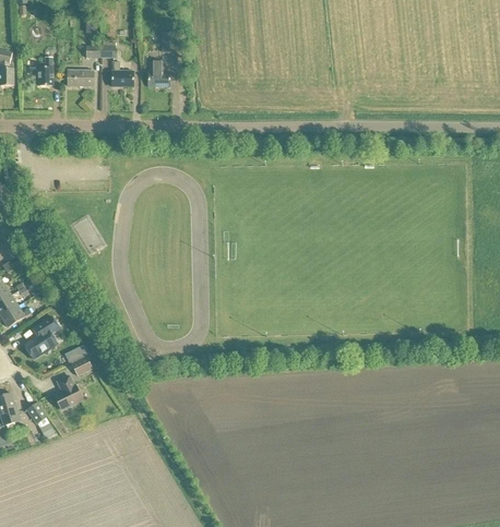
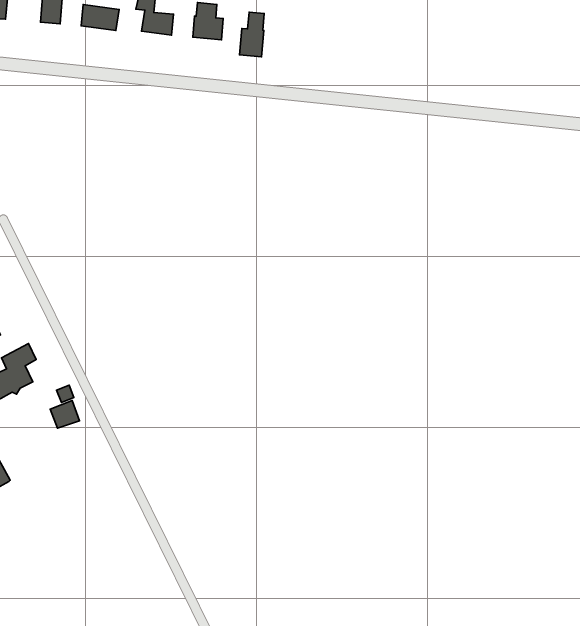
building: none -> [239,12,264,57]
building: [52,374,81,408] -> none

